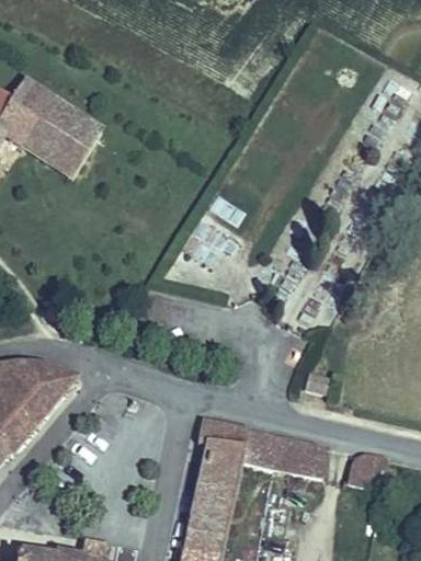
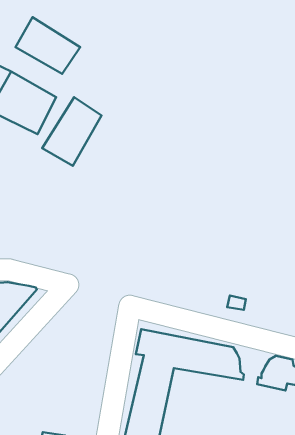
building: none -> [15,17,80,74]
building: none -> [42,97,101,166]

